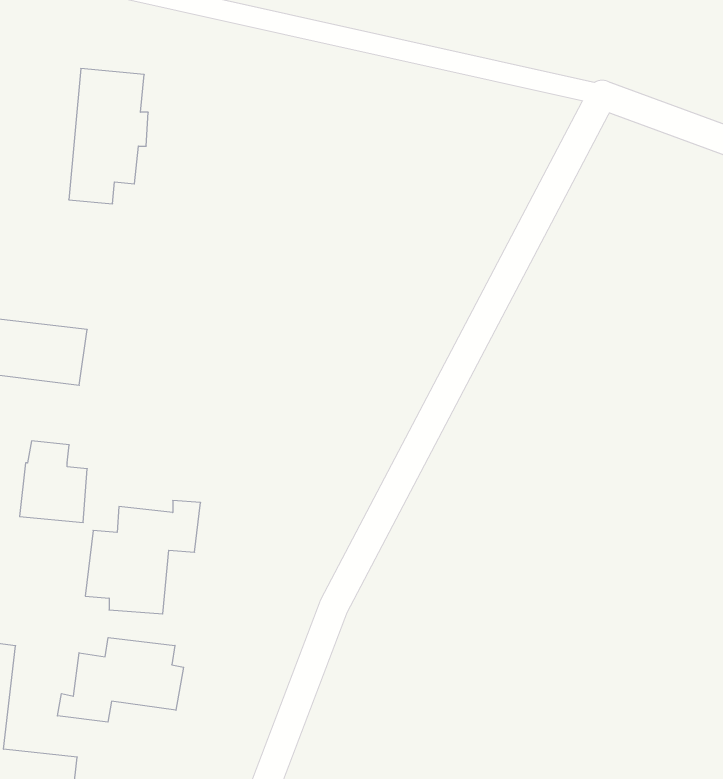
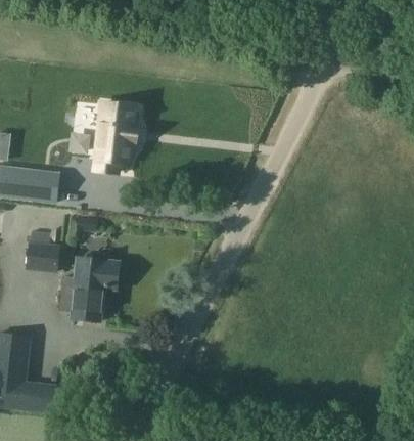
building: [69,69,148,204] -> [91,102,132,172]
building: [57,638,184,722] -> none

